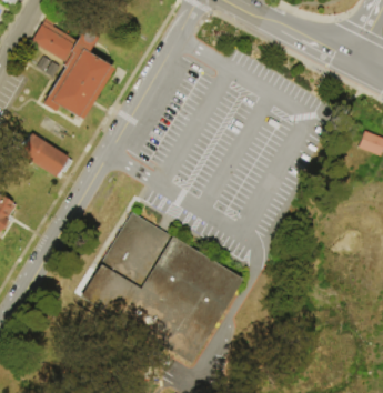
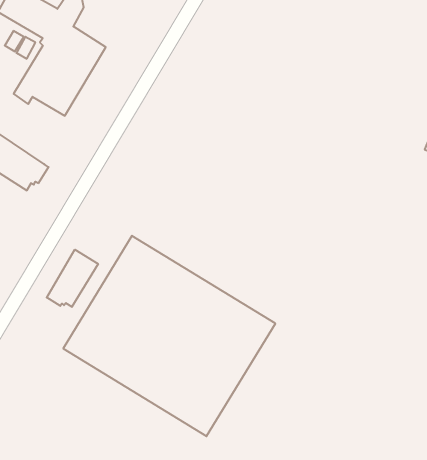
building: none -> [47,250,98,307]

